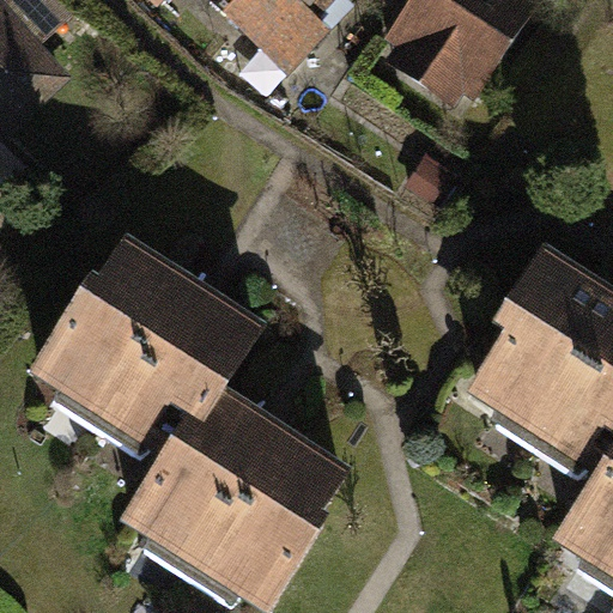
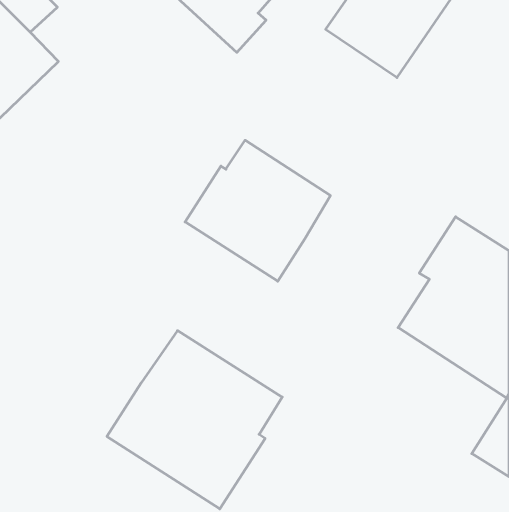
building: none -> [185,140,330,281]
building: [35,248,251,455] -> none

